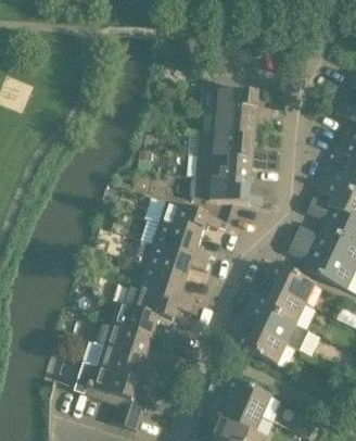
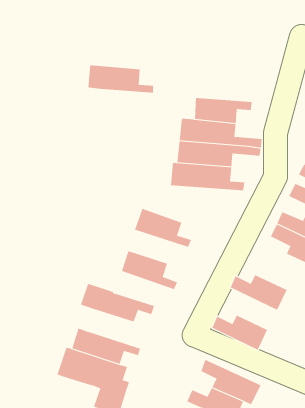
building: [204,87,270,115] -> [87,65,154,93]
building: [160,200,220,236] -> none
building: [134,239,206,277] -> none
building: [262,260,315,303] -> none
building: [131,285,192,319] -> none
building: [243,301,309,350] -> none
building: [104,323,161,362] -> none

